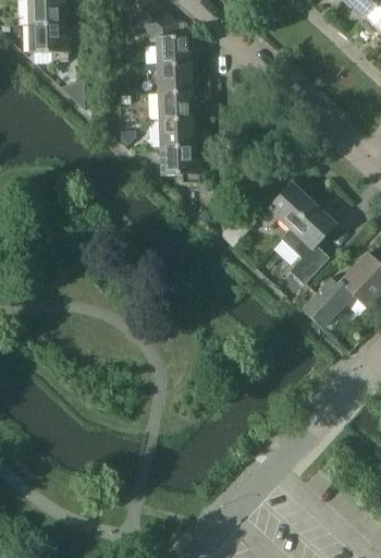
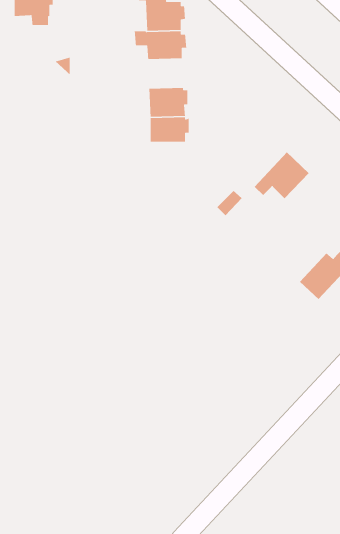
building: [158,93,197,121] -> none
building: [282,203,334,282] -> none

